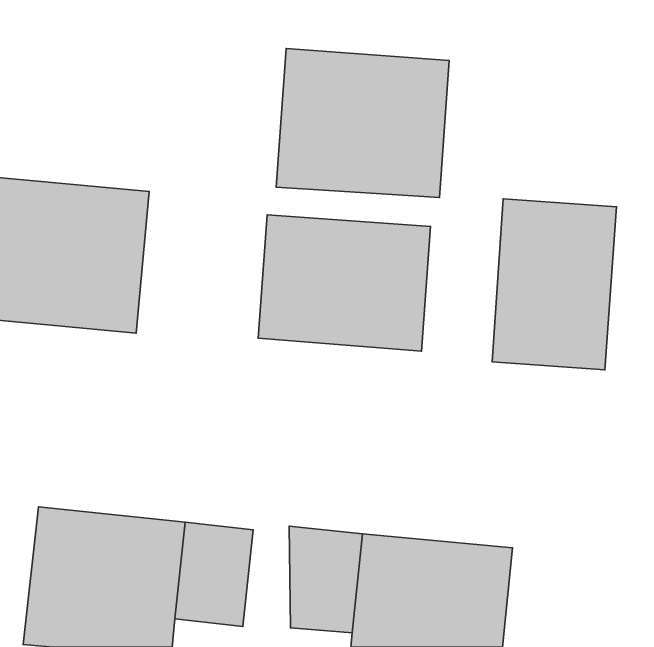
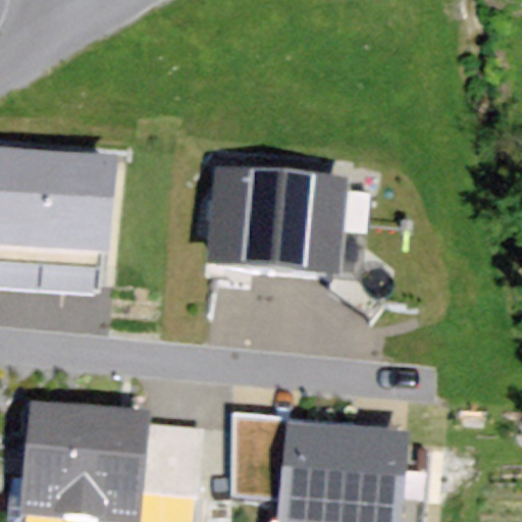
building: [276,48,449,198] -> none
building: [492,199,617,370] -> none

